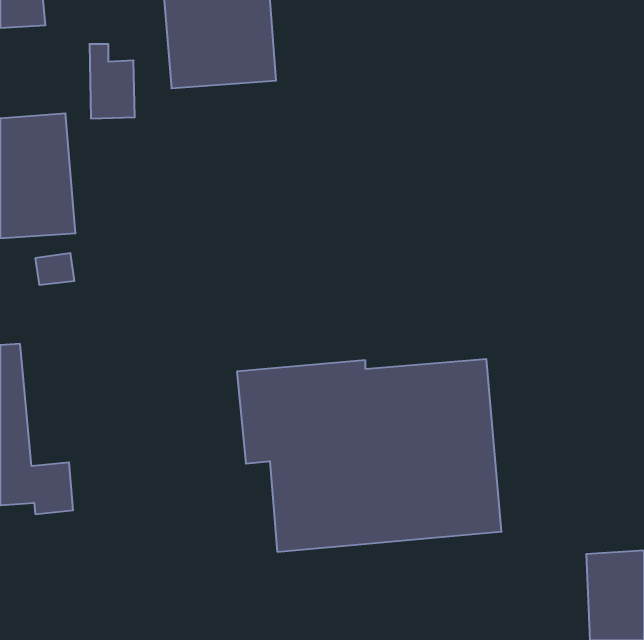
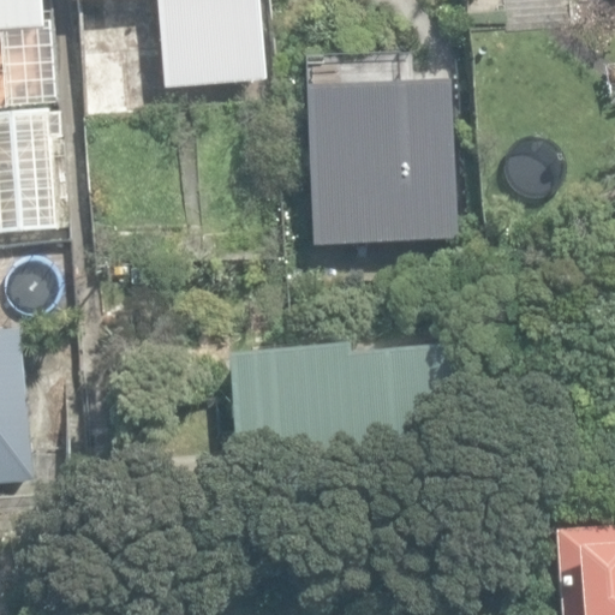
building: none -> [299,49,454,244]

